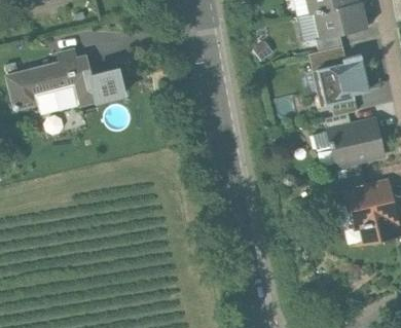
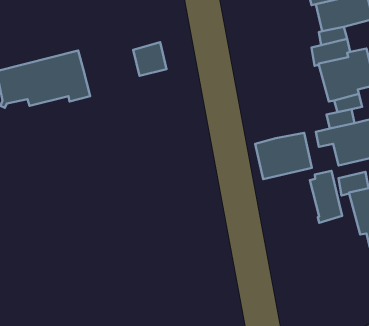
building: [93,67,124,99] -> [133,42,167,76]
building: none -> [255,133,312,179]
building: none -> [310,171,342,223]

